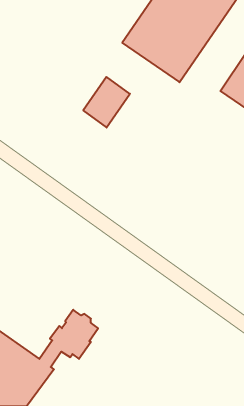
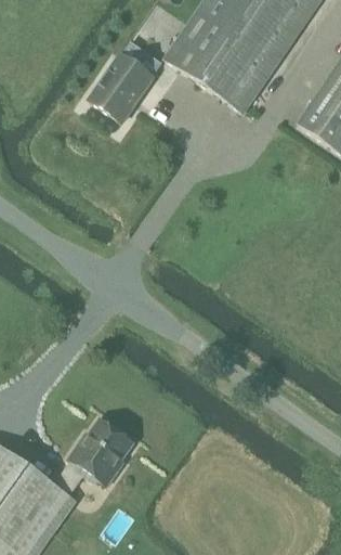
building: [83,77,130,128] -> [90,54,153,122]

